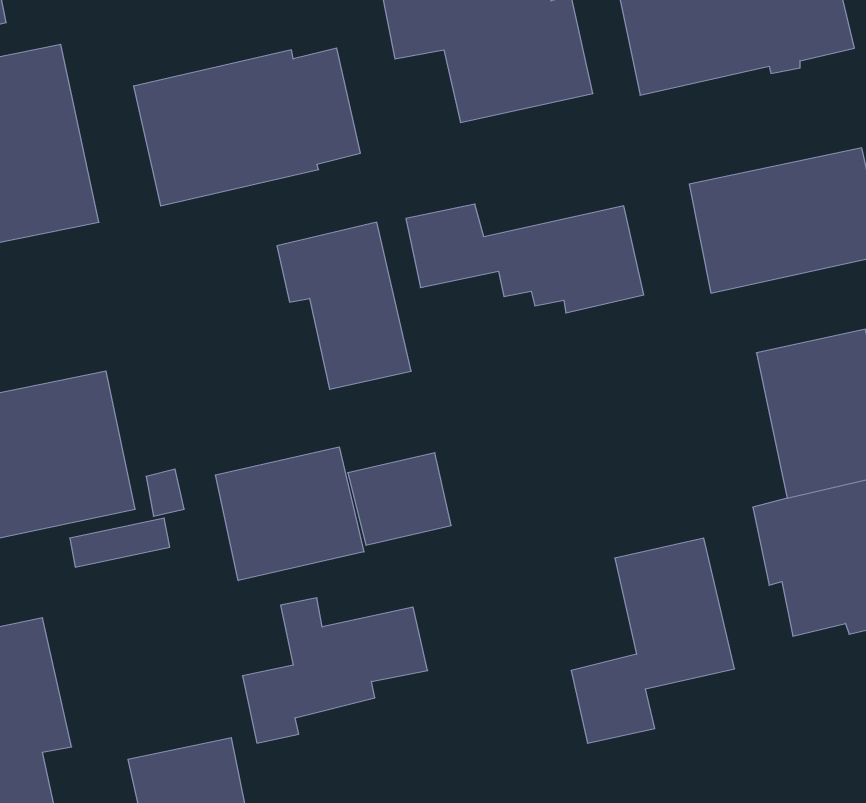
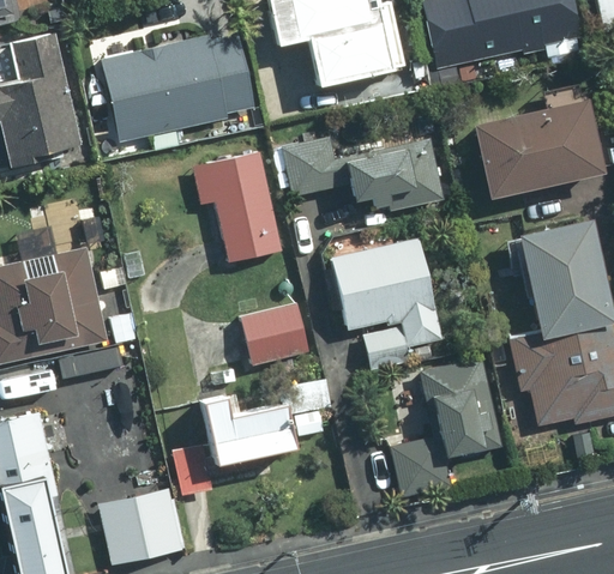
building: none -> [332,241,443,369]
building: [215,447,364,581] -> none

